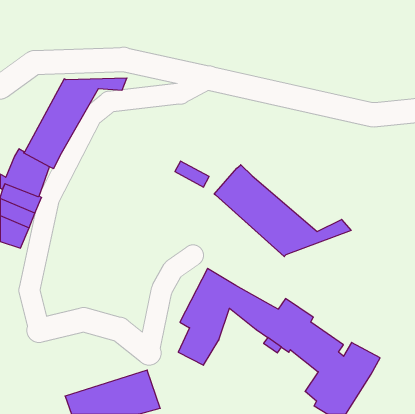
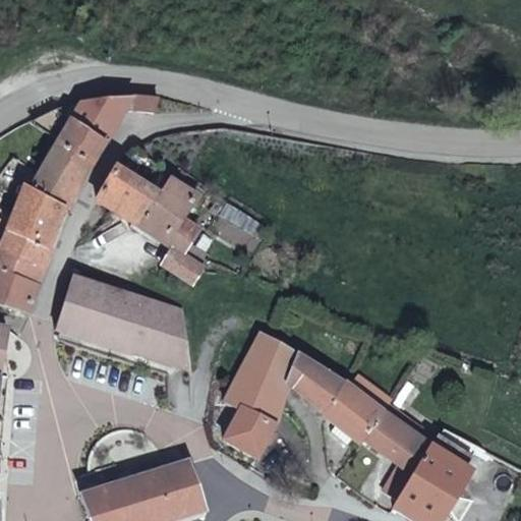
building: none -> [96,167,204,283]
building: [214,165,351,257] -> none
building: none -> [55,276,190,367]

